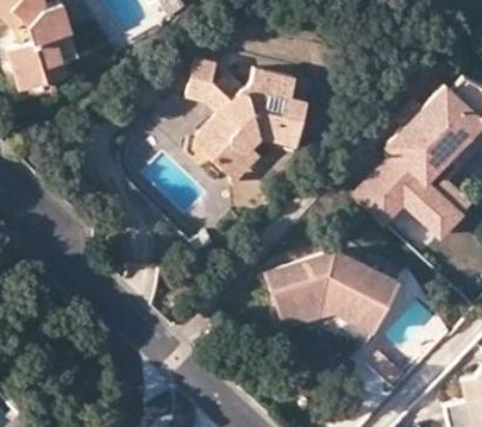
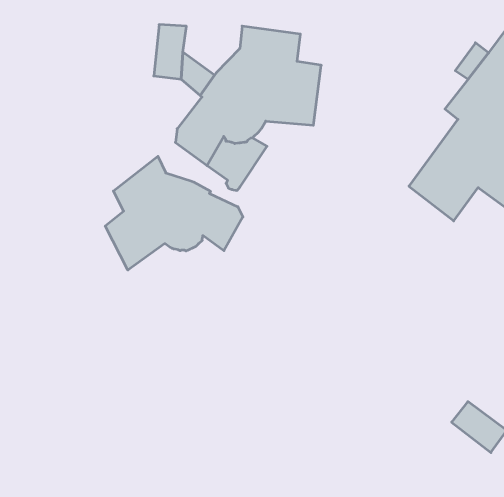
building: none -> [105,156,243,270]
building: [265,250,398,332] -> none

